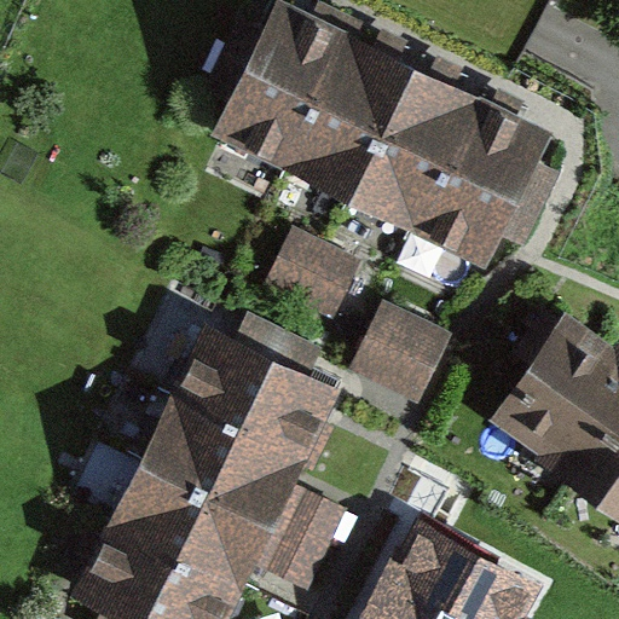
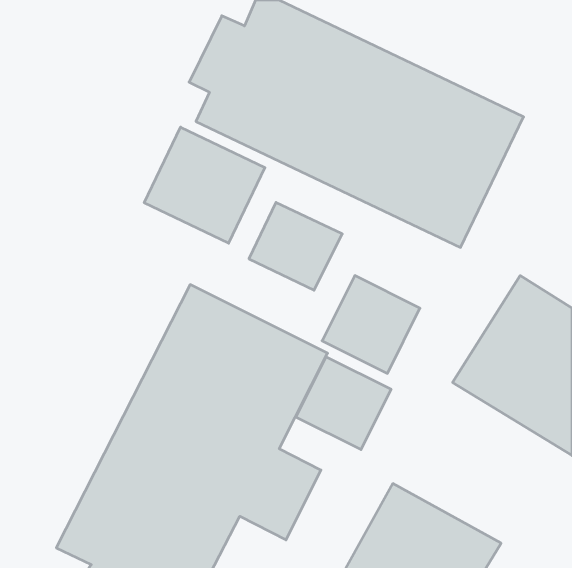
building: none -> [144,127,265,243]
building: none -> [296,357,391,450]

